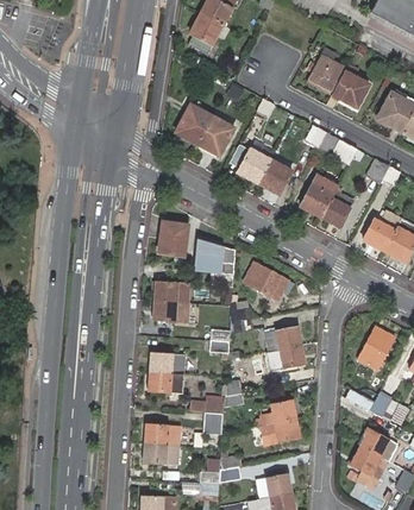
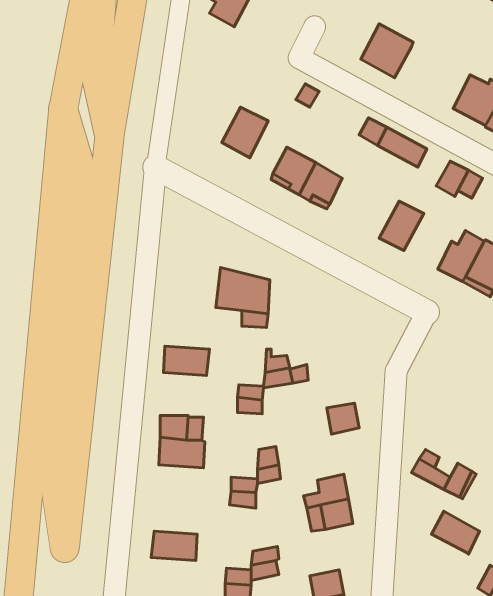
building: [332,69,368,105] -> none
building: [176,102,213,143] -> none
building: [300,175,337,216] -> none
building: [158,216,187,256] -> none
building: [244,260,288,300] -> none
building: [155,281,190,302] -> none
building: [266,325,301,350] -> none
building: [358,326,395,369] -> none
building: [146,423,181,445] -> none
building: [350,445,388,486] -> none

